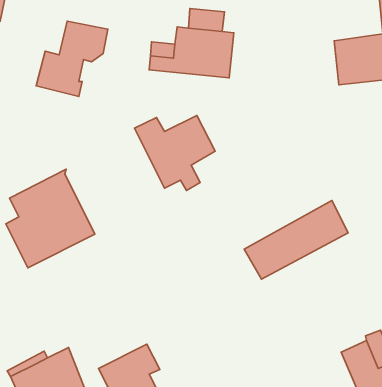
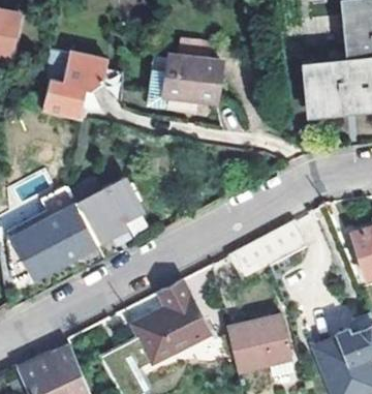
building: [134,115,215,191] -> [67,178,140,245]
building: none -> [132,281,209,364]
building: none -> [226,317,292,373]

